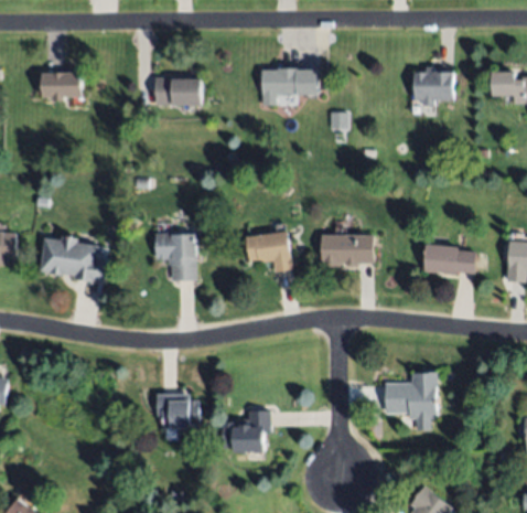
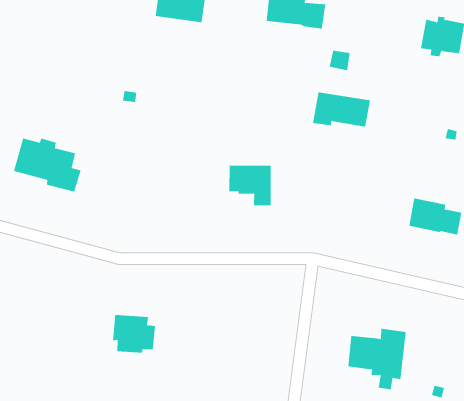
building: [155,233,198,280] -> none
building: [322,235,375,266] -> [312,92,371,127]
building: [222,409,271,450] -> none

